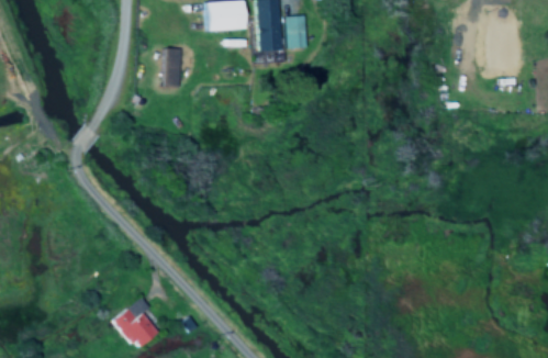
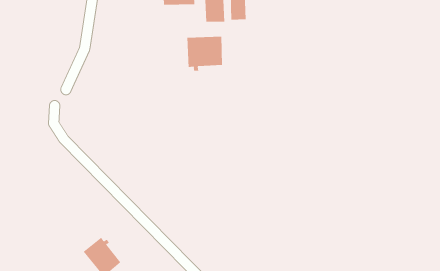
building: [161,48,179,87] -> none
building: none -> [187,36,223,72]

